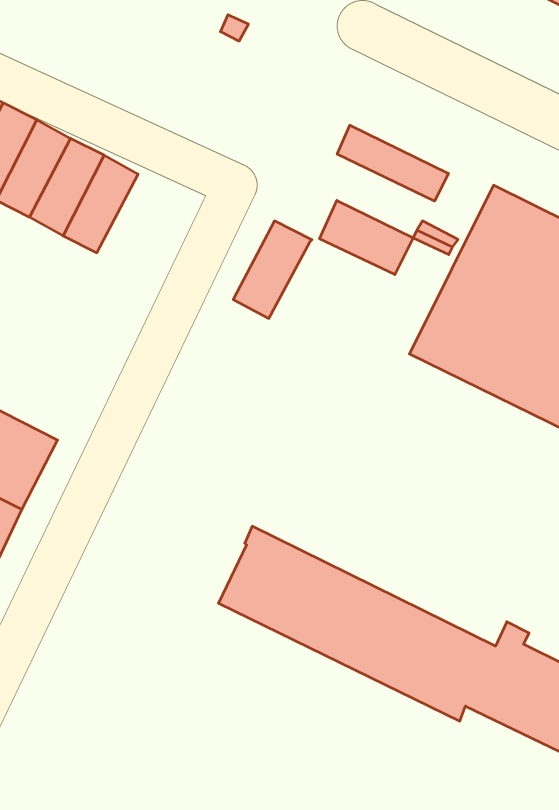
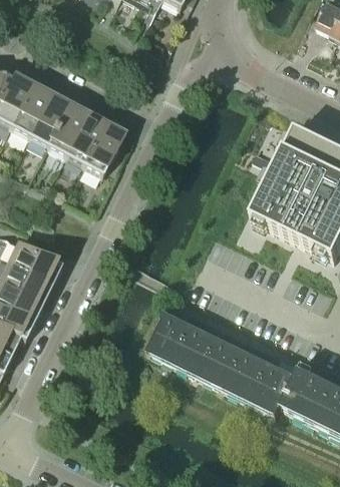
building: [337,125,448,201] -> none
building: [320,200,413,275] -> none
building: [233,221,312,318] -> [81,122,123,174]

